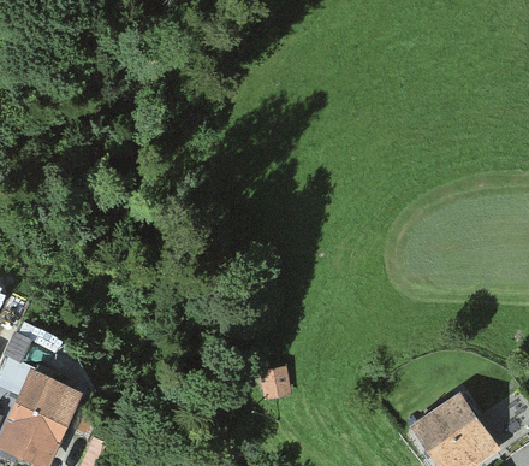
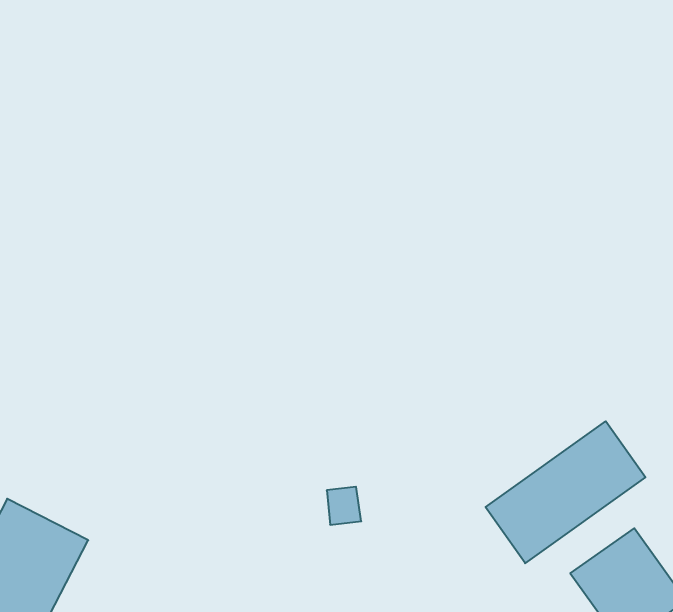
building: none -> [486,421,645,563]

